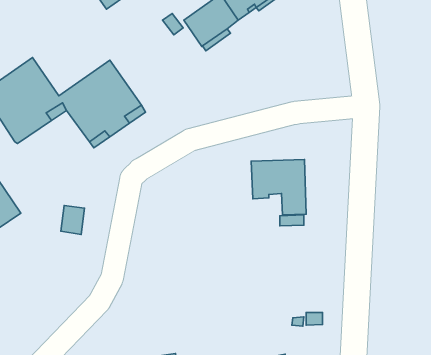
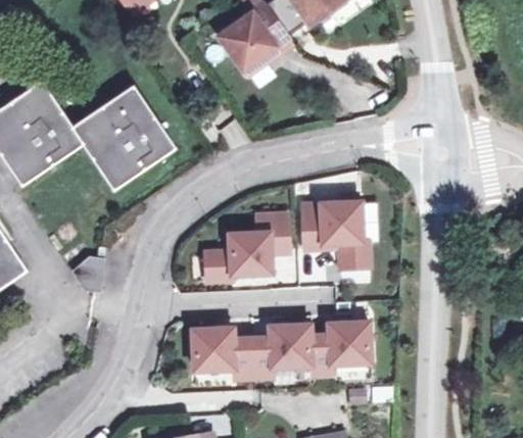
building: none -> [205,213,289,280]
building: none -> [193,322,371,379]

